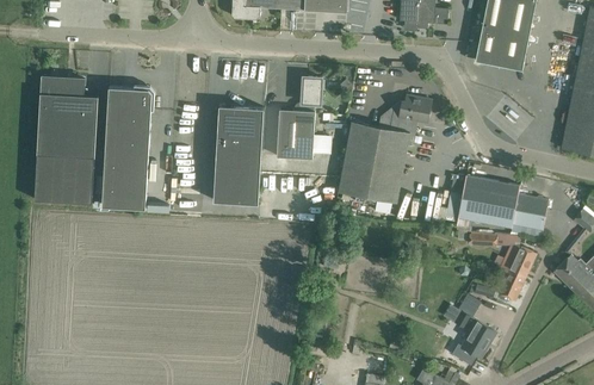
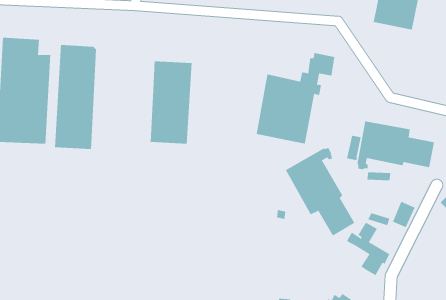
building: [276,76,328,159] -> none
building: none -> [285,147,355,236]
building: [500,246,536,277] -> none

